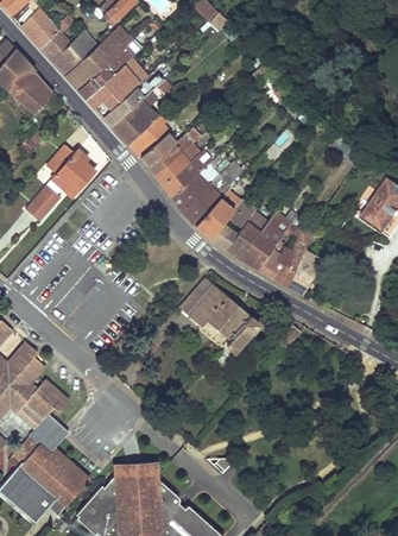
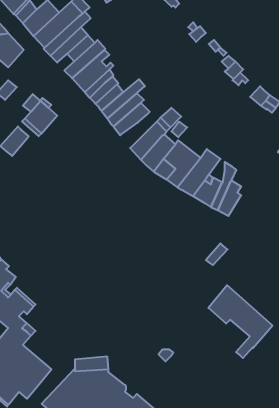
building: [170,155,220,210] -> none
building: [181,278,258,366] -> [208,285,272,358]

